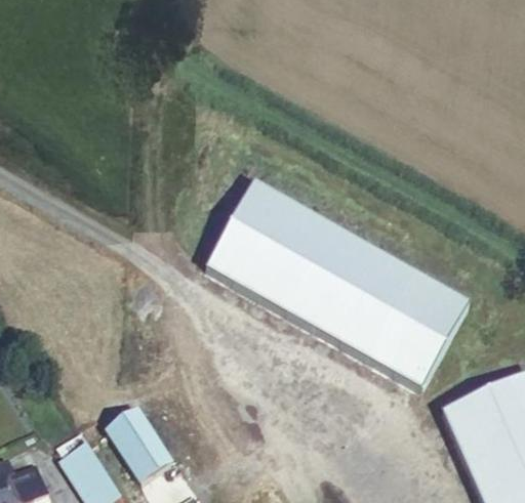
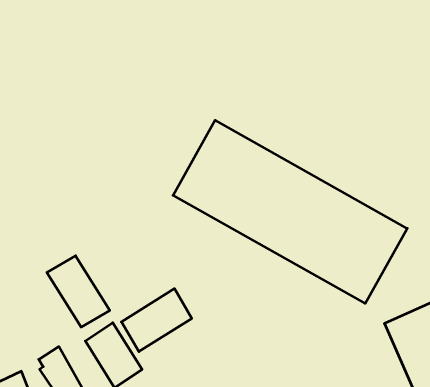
building: none -> [47,256,110,327]
building: none -> [121,289,192,352]

